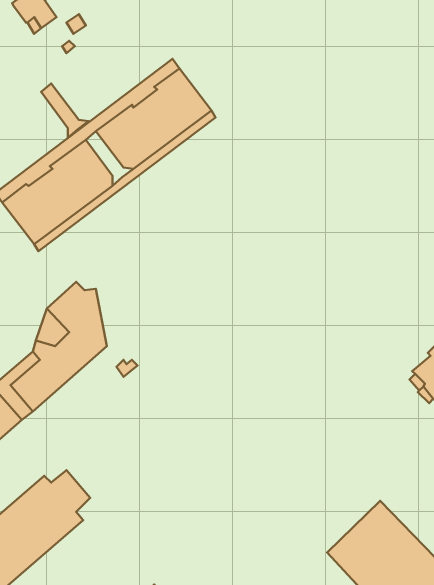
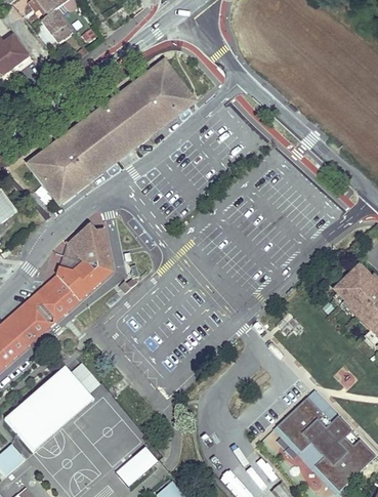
building: [41,84,89,138] -> [95,115,130,155]

